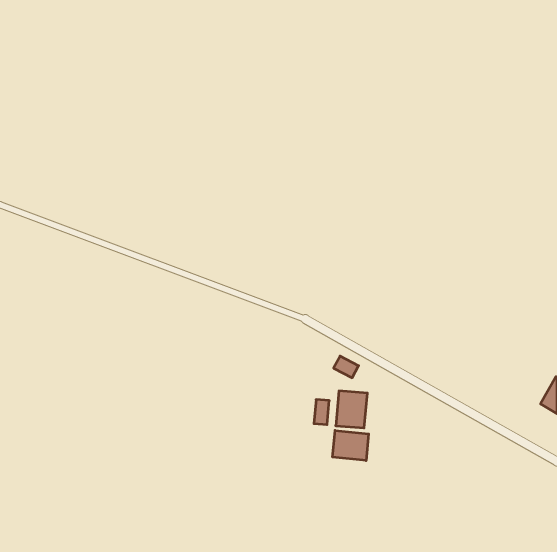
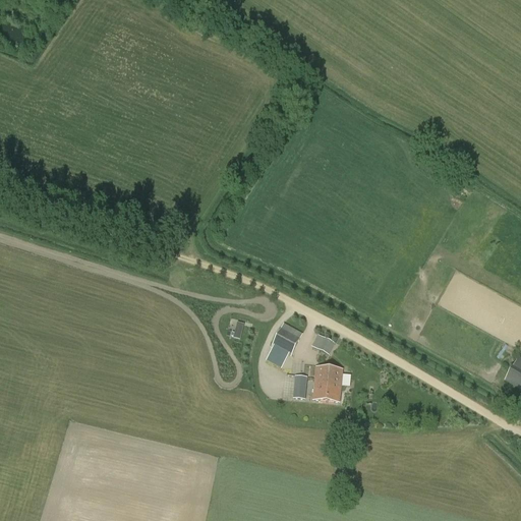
building: none -> [272,322,302,353]
building: [333,430,369,461] -> none

